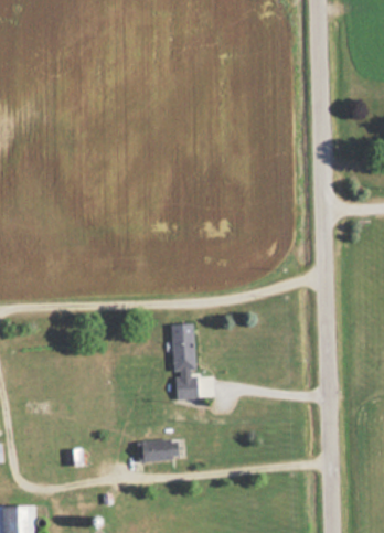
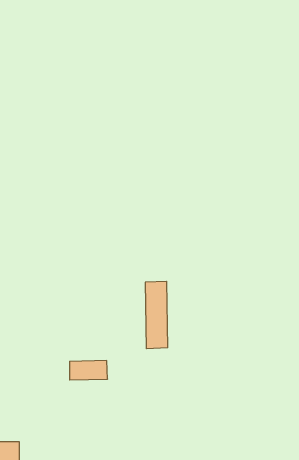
building: [138,439,181,461] -> [70,361,108,380]

